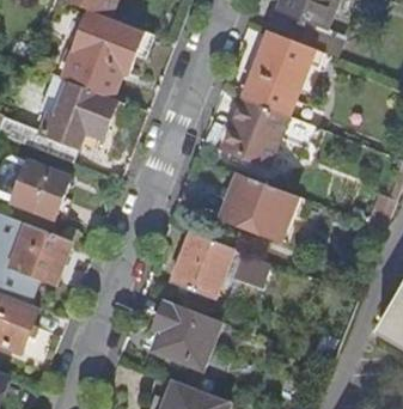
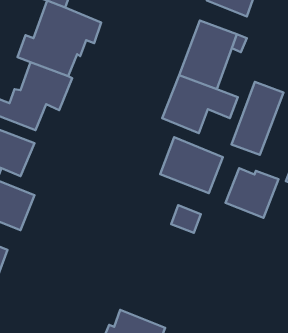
building: none -> [232,82,284,155]
building: none -> [226,168,279,218]
building: [170,230,234,298] -> none
building: [151,298,220,368] -> none

